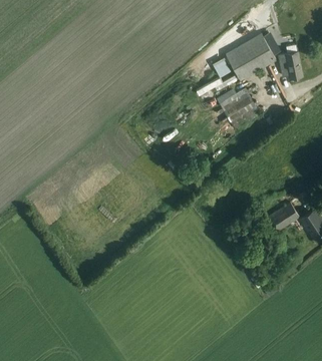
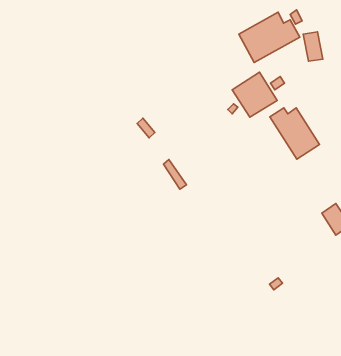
building: none -> [270,108,319,159]
building: [267,203,299,232] -> none

